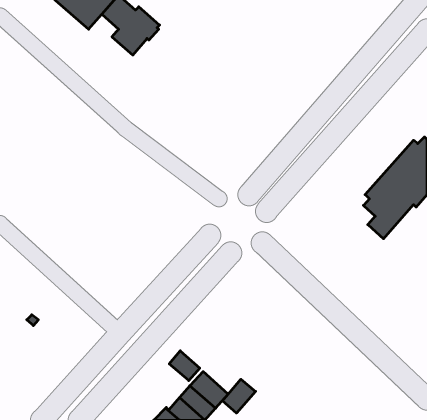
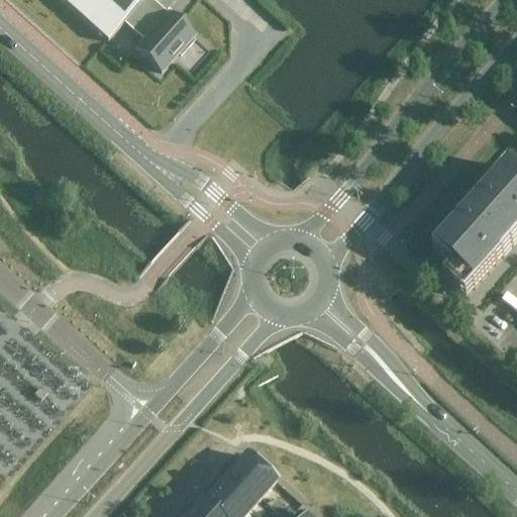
building: [169,351,200,381] -> none
building: [222,379,256,413] -> none

